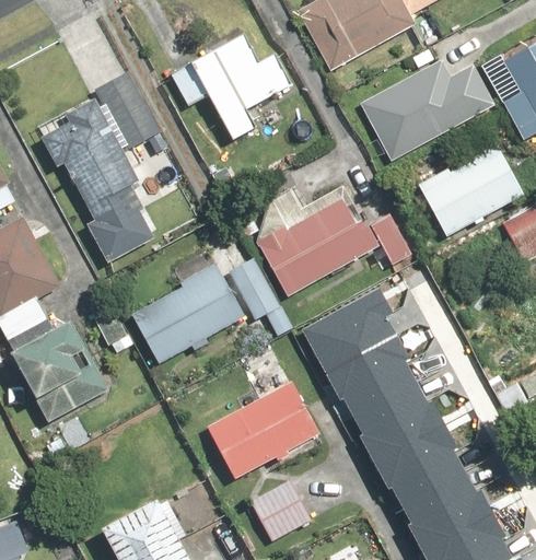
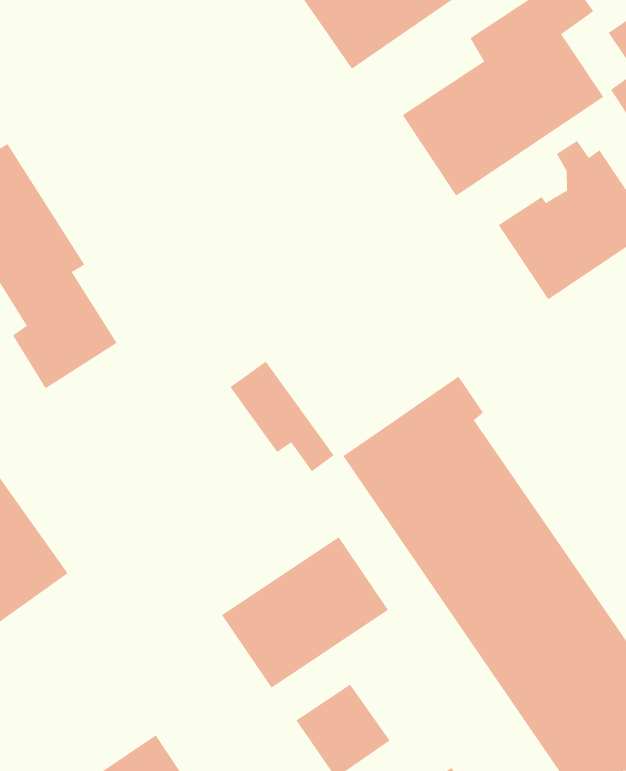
building: [172,34,295,141] -> none
building: [96,72,170,151] -> none
building: [257,184,410,296] -> none
building: [130,249,245,364] -> none

